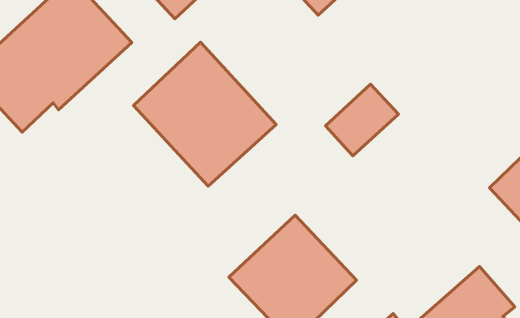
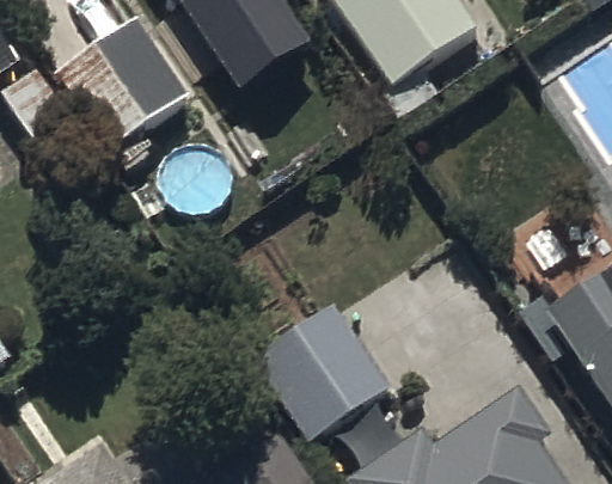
building: [134,42,276,186] -> none

